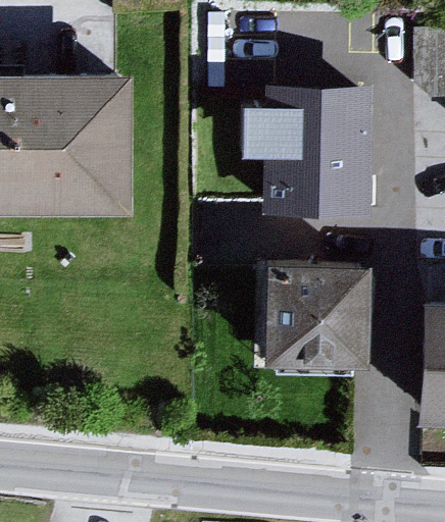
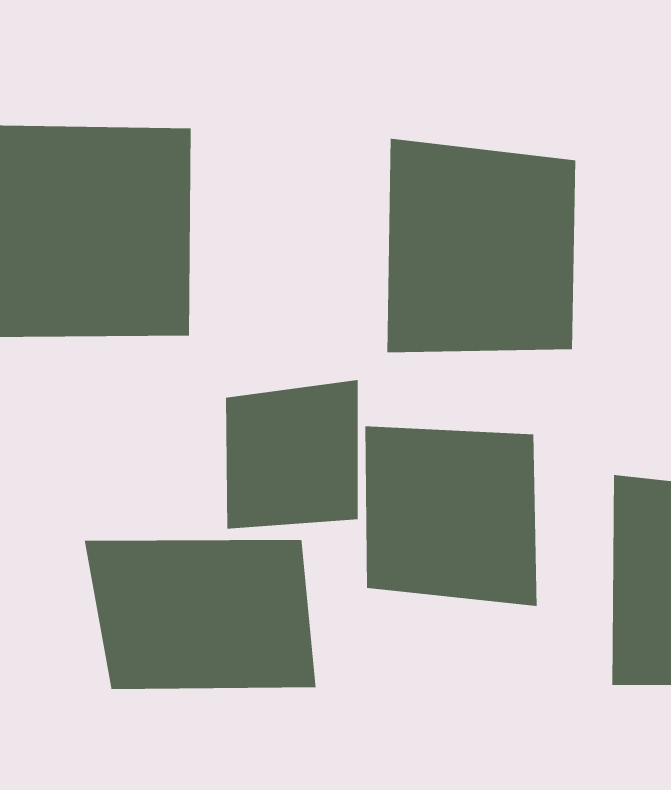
building: none -> [225,379,359,529]
building: none -> [84,539,316,690]

